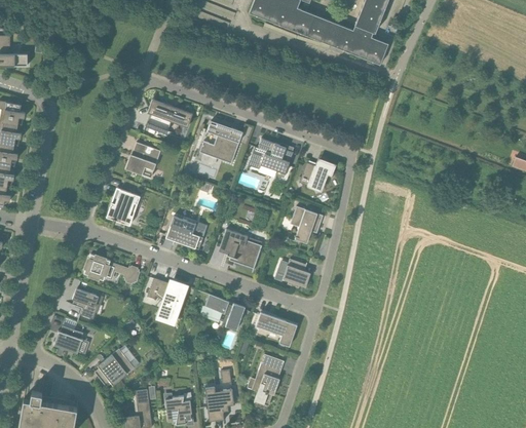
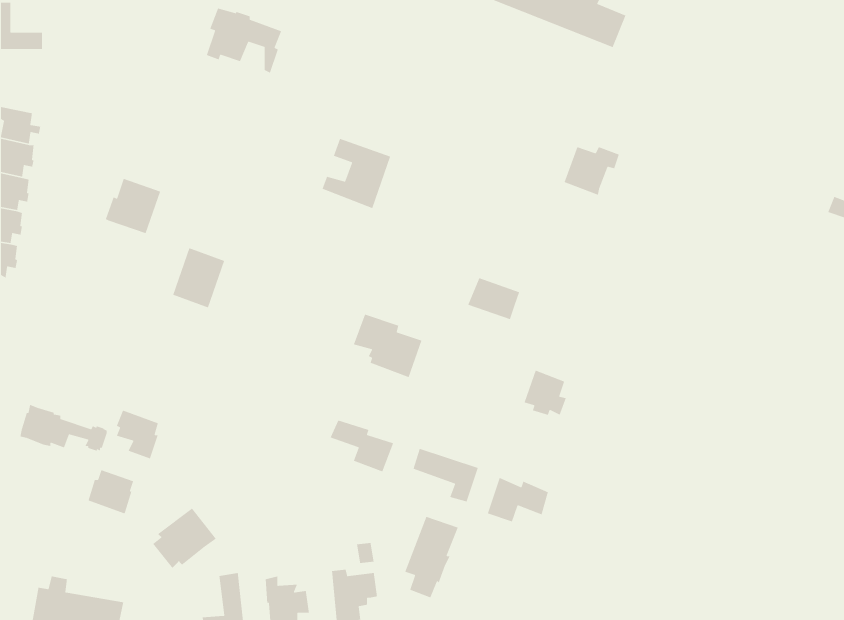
building: [145,100,192,141] -> [206,8,282,74]
building: [249,139,294,179] -> none
building: [125,143,160,178] -> [105,178,161,234]
building: [299,160,334,191] -> [564,146,620,196]
building: [165,216,203,249] -> none
building: [84,254,139,283] -> [20,404,108,452]
building: [283,259,309,287] -> [524,370,567,416]
building: [147,278,187,323] -> none
building: none -> [487,477,549,522]

